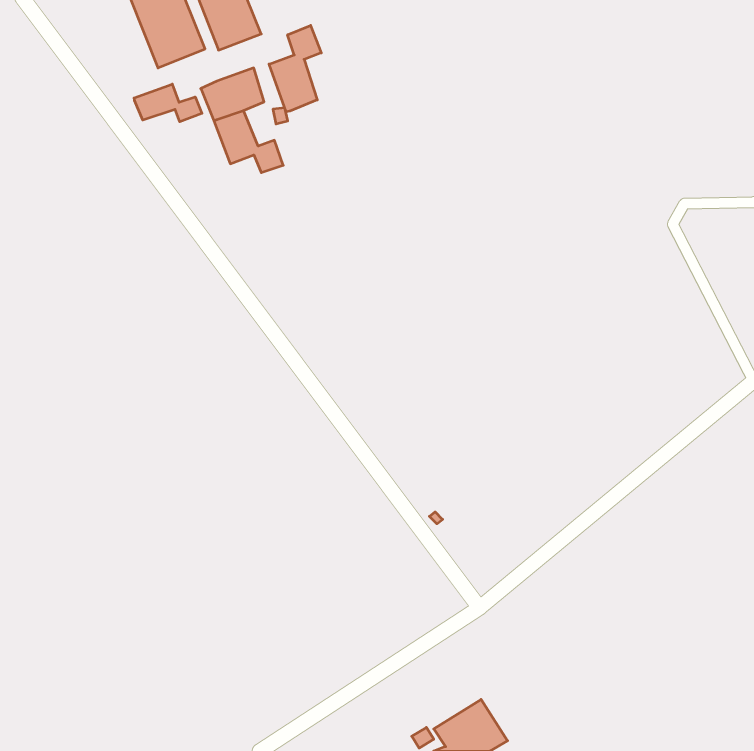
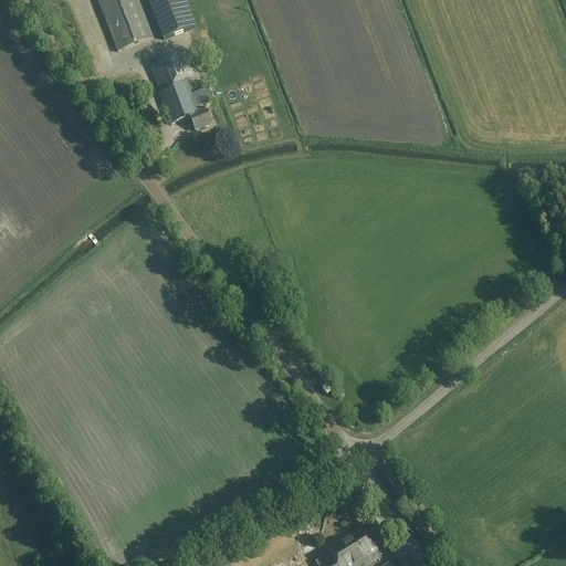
building: [269,25,321,112] -> none
building: [134,84,202,122] -> none

